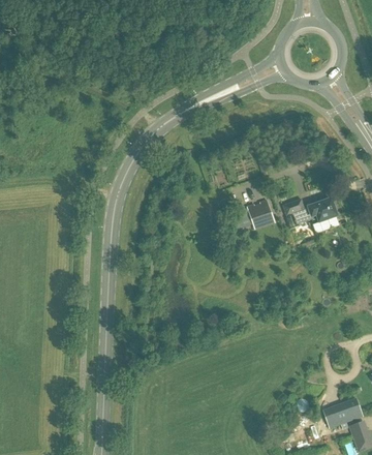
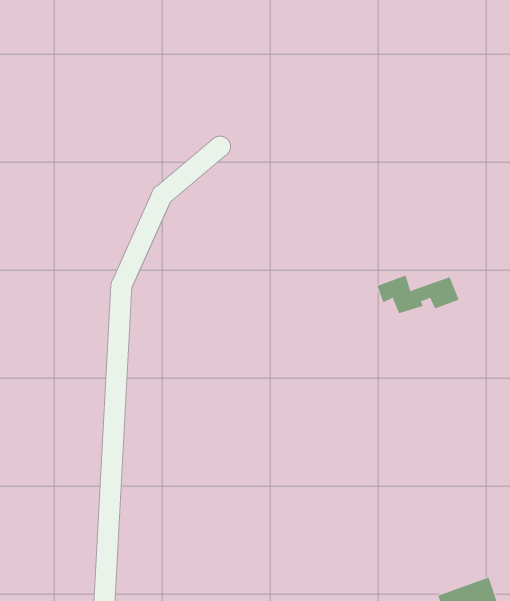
building: [246,200,273,226] -> none

